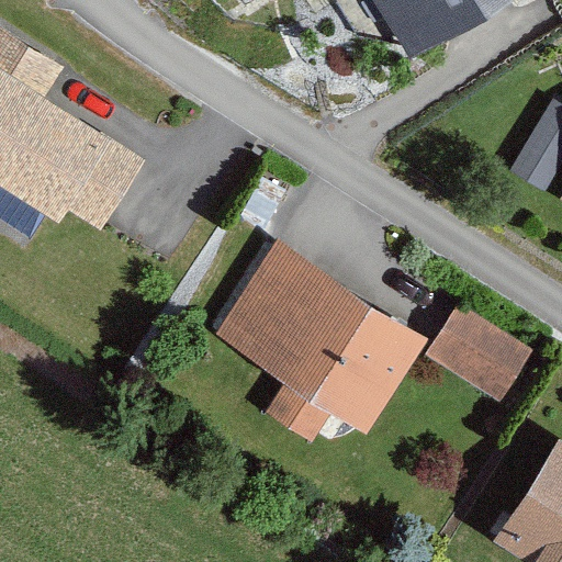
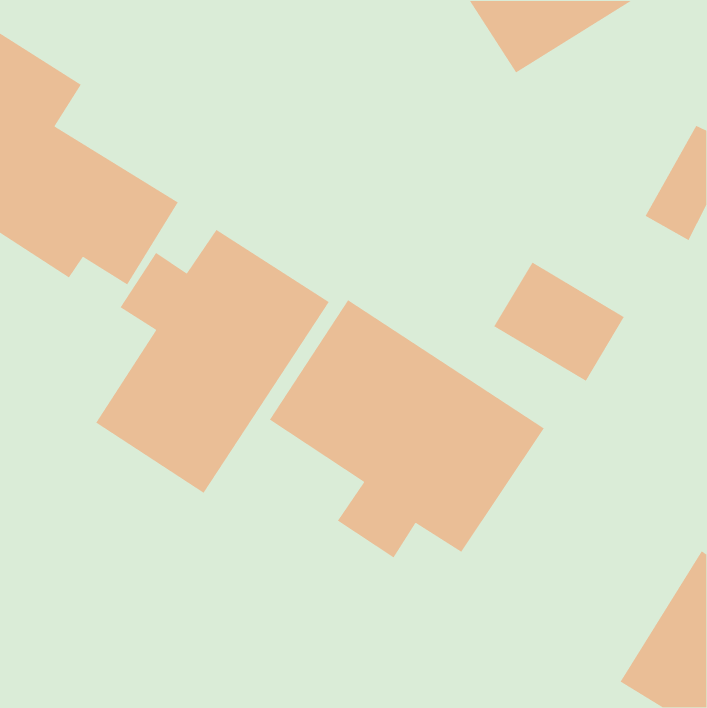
building: none -> [95,229,330,494]
building: [425,306,529,402] -> [493,261,625,382]

